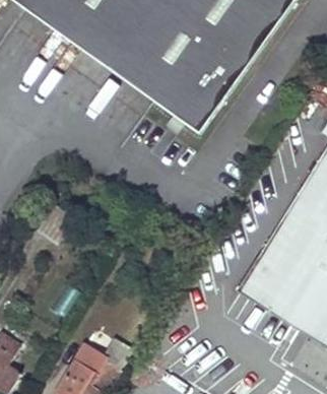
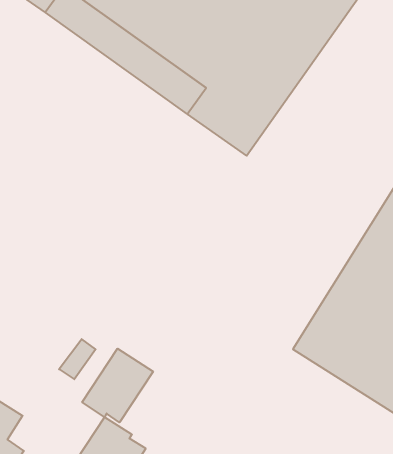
building: none -> [82,349,153,422]

